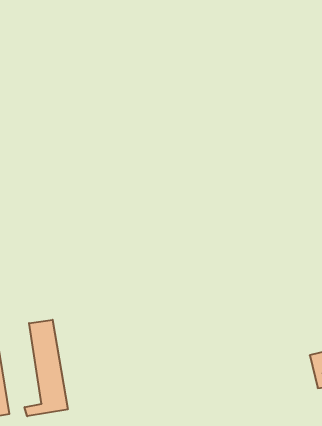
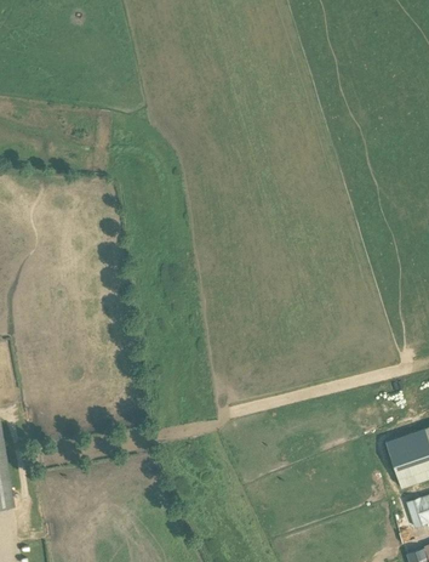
building: [25,320,68,416] -> none

